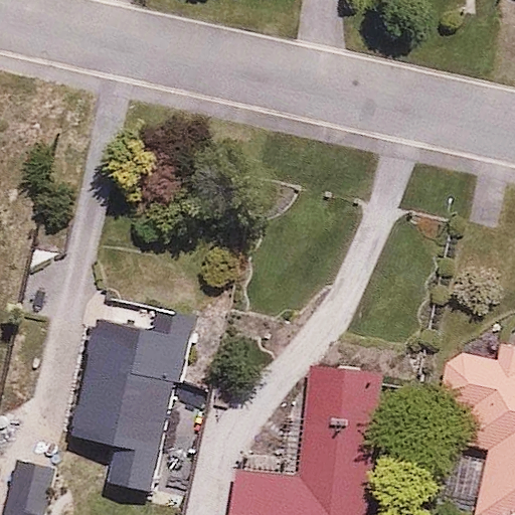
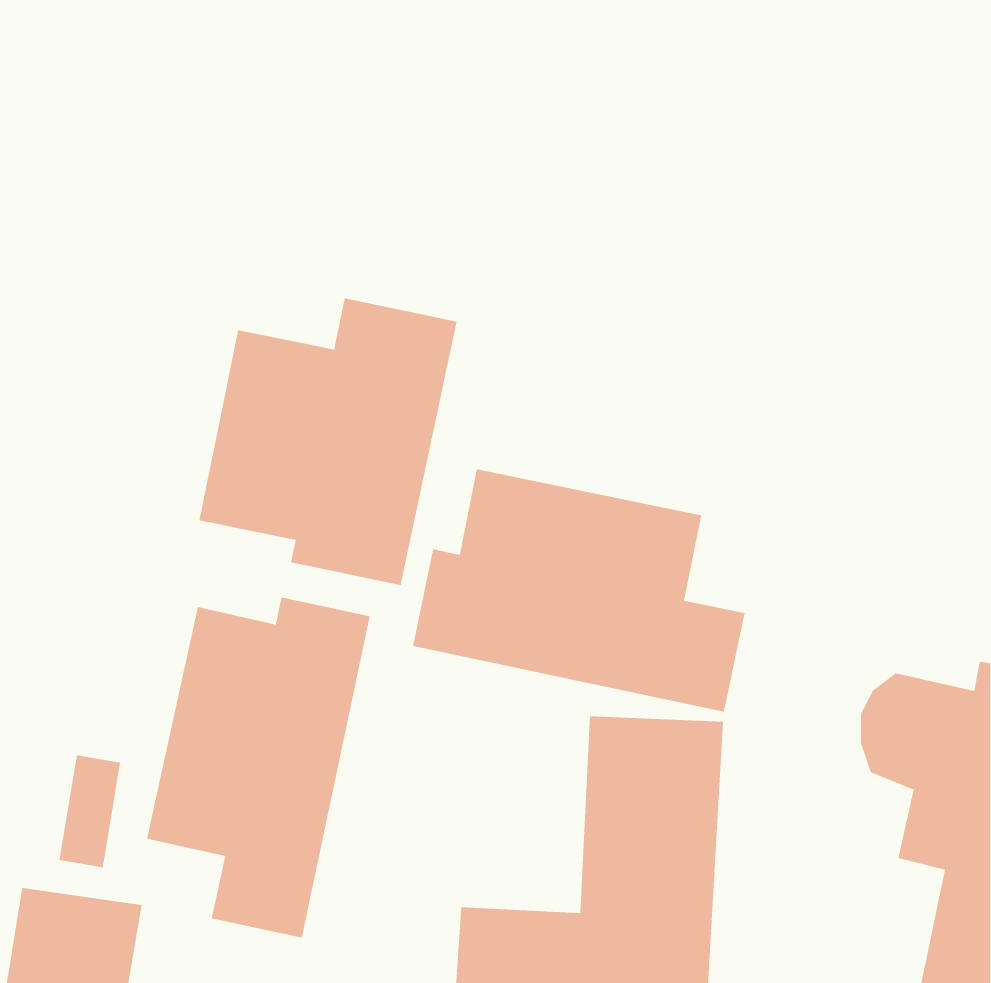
building: none -> [199,297,457,586]
building: none -> [413,469,745,713]

